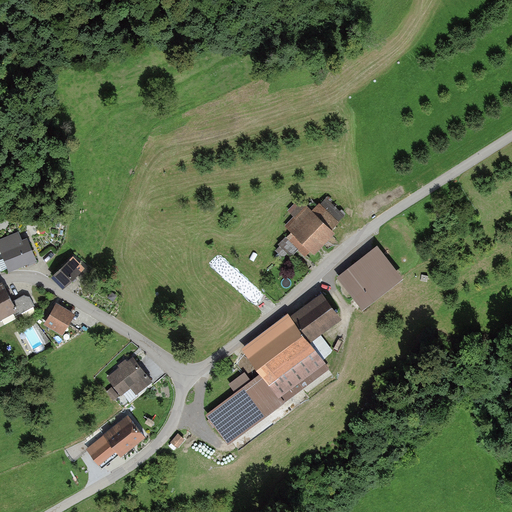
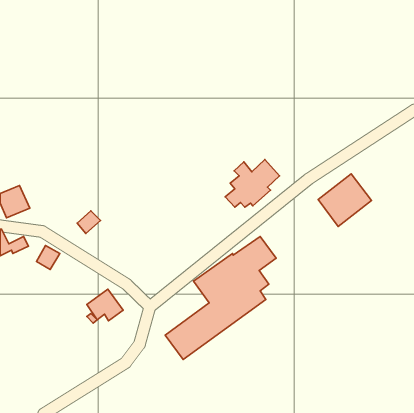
building: [337,245,403,310] -> [318,174,372,226]
building: [50,261,79,289] -> [77,211,101,234]
building: [89,418,145,464] -> none

